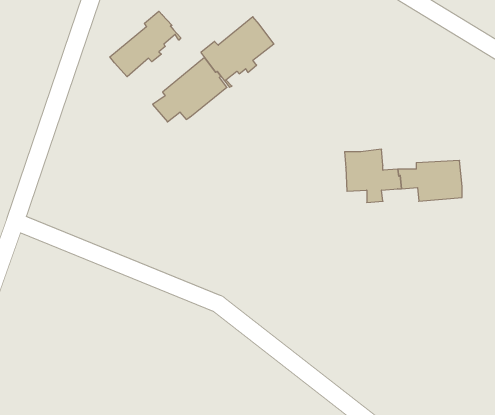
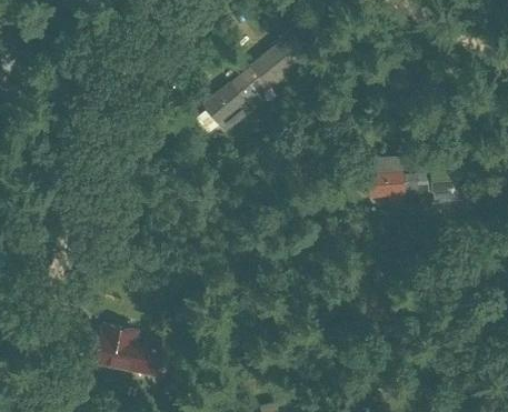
building: [110,11,181,77] -> none
building: none -> [91,328,156,373]

